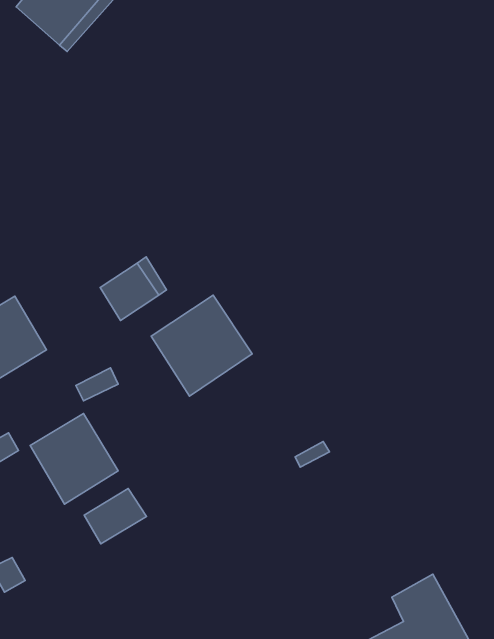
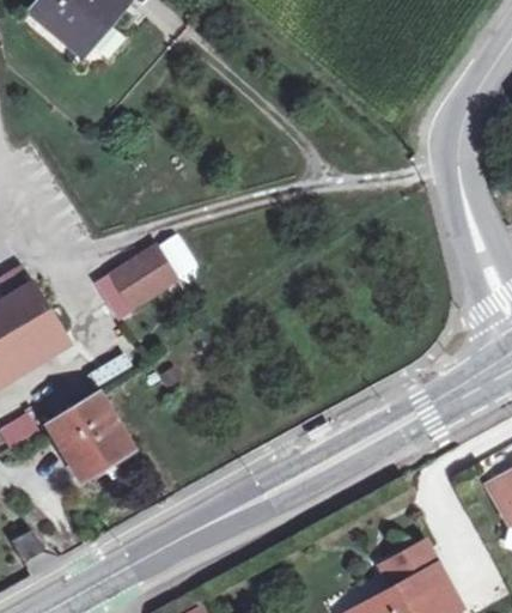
building: [151,295,252,396] -> none
building: [84,489,147,544] -> none

